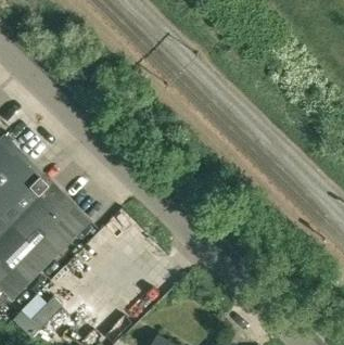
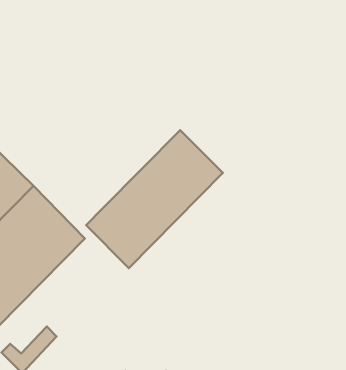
building: none -> [86,130,223,268]

